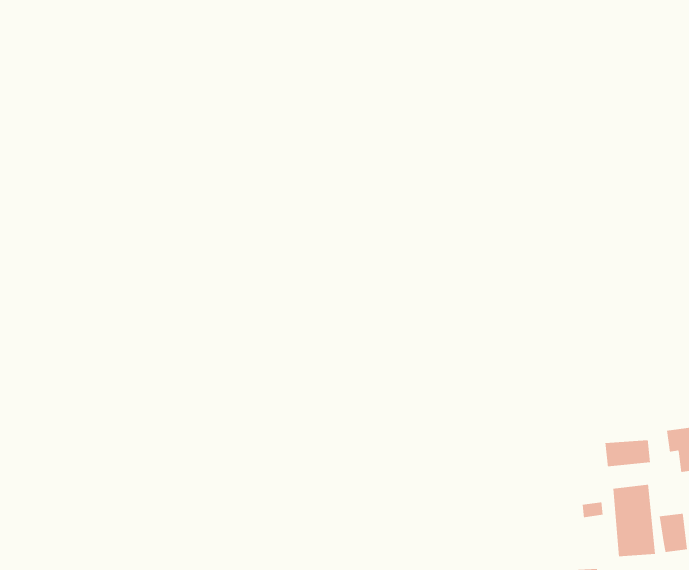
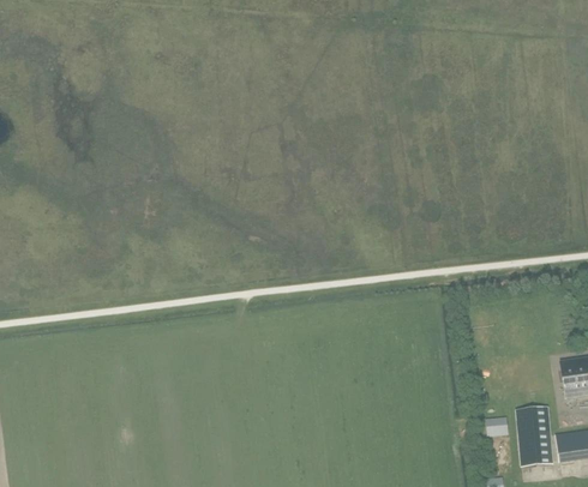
building: [605,439,651,467] -> none

